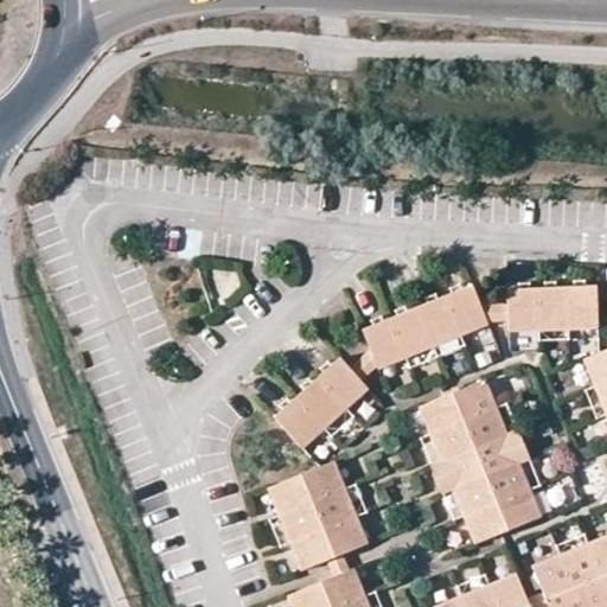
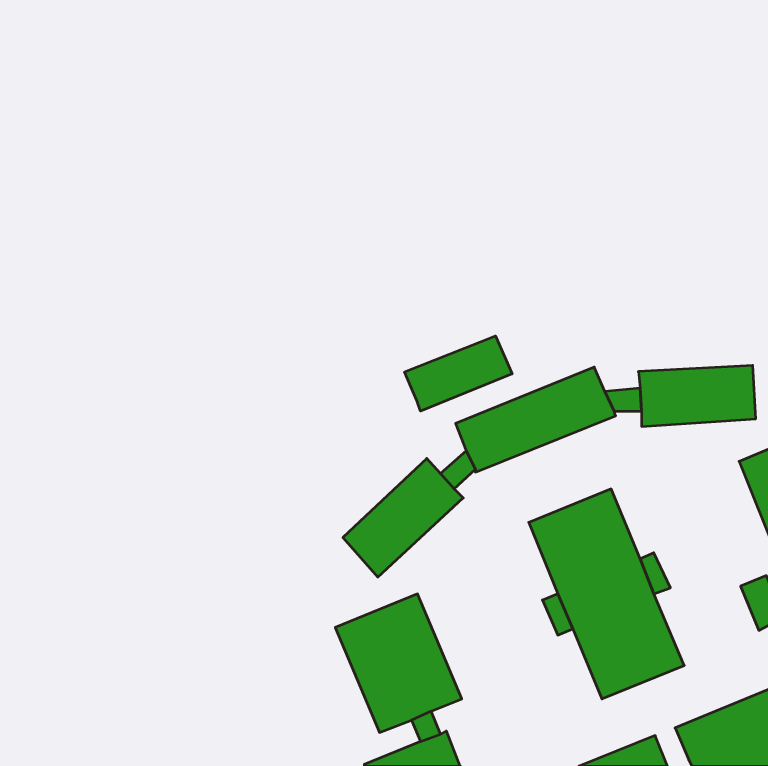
building: none -> [405,336,512,411]

